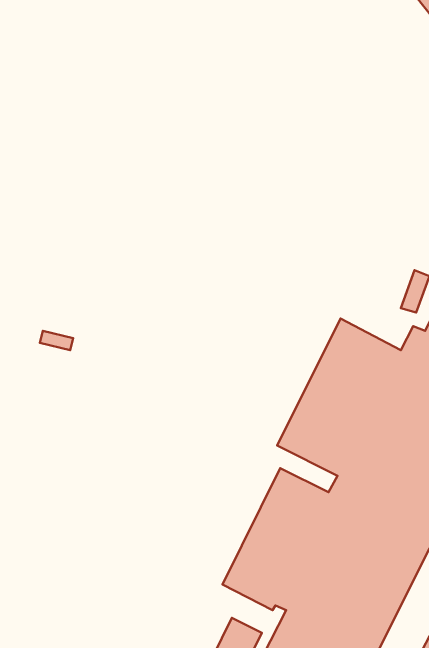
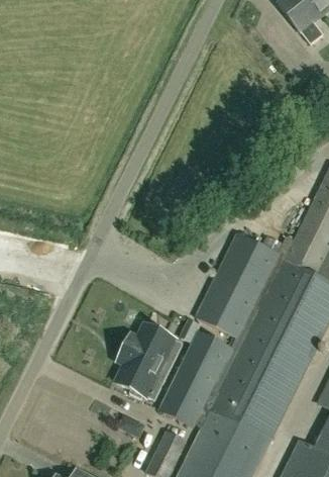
building: none -> [116,324,183,400]

